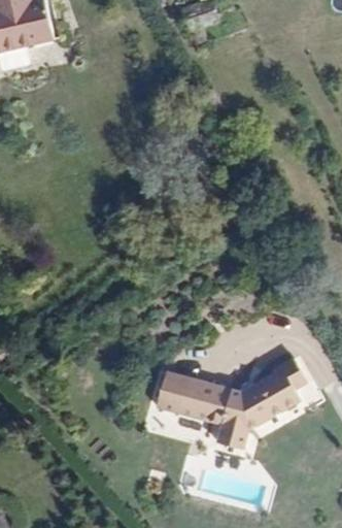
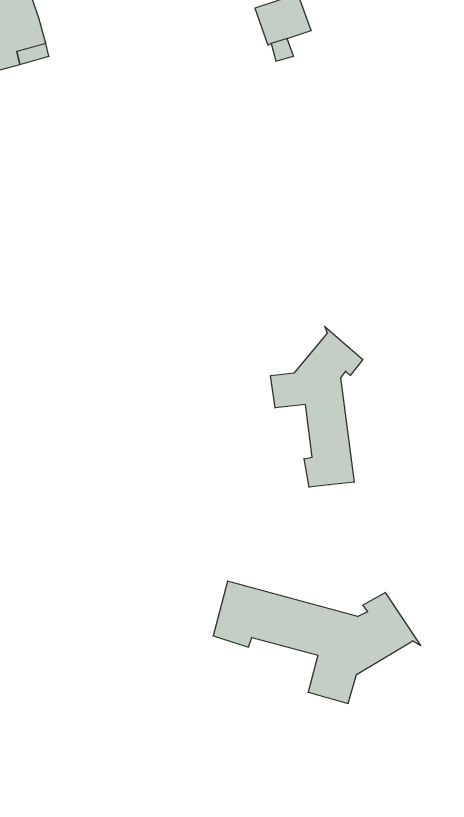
building: none -> [271,326,363,487]
building: [267,359,305,414] -> none

